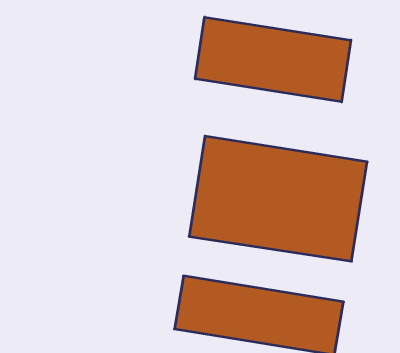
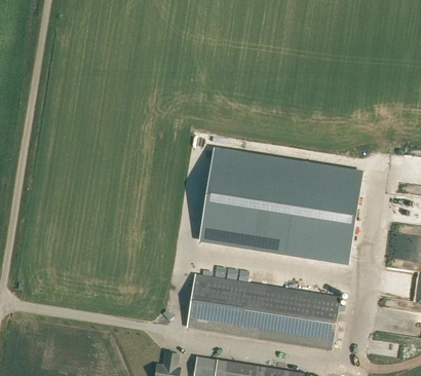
building: [195,17,351,102] -> none

